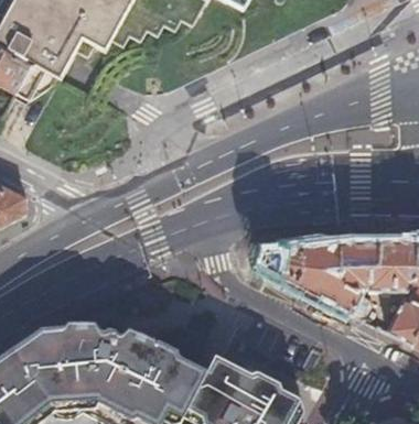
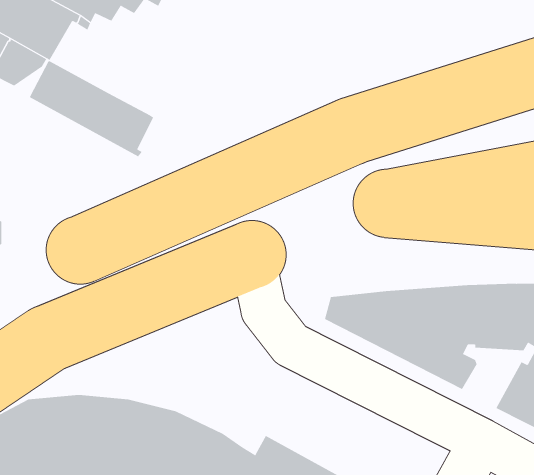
building: none -> [29,60,154,157]

